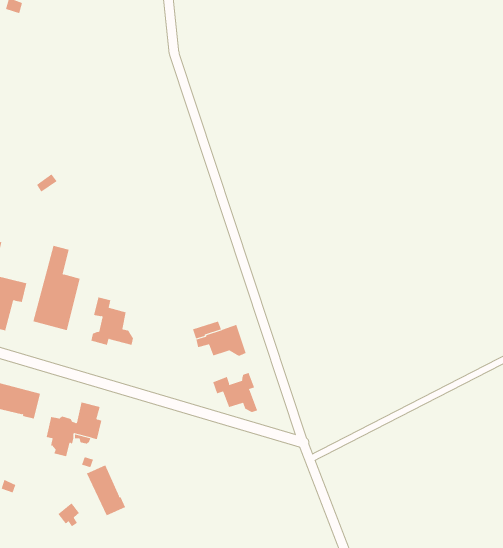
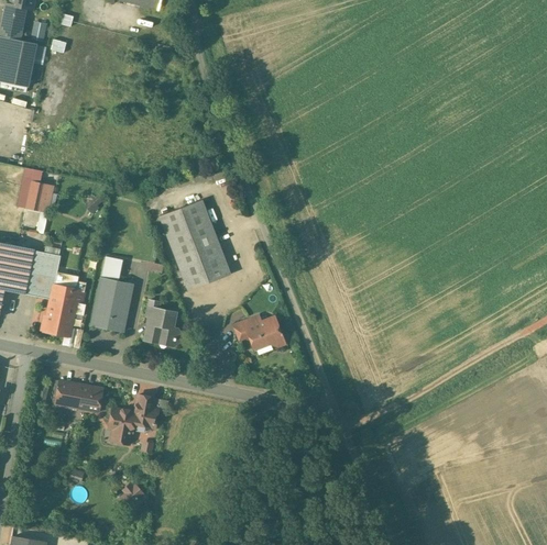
building: none -> [160,200,230,291]
building: [212,372,258,413] -> none
building: [86,465,126,516] -> none

